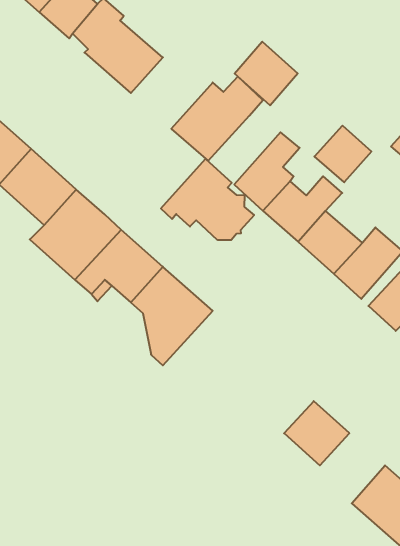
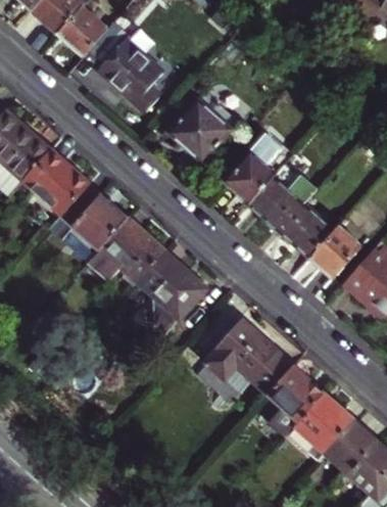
building: [235,42,298,105] -> none
building: [314,126,371,182] -> none
building: [161,159,254,240] -> none
building: none -> [205,321,293,394]
building: none -> [295,394,354,454]

